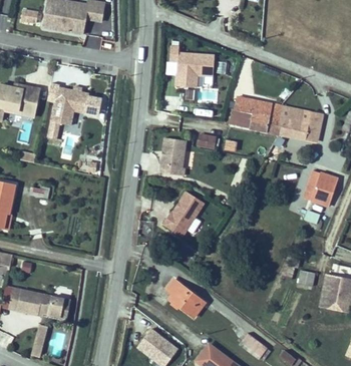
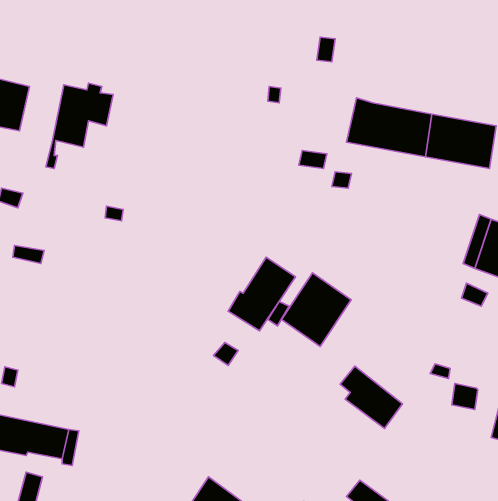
building: [168,46,214,87] -> none
building: [163,135,189,173] -> none
building: none -> [281,273,351,346]
building: [165,280,204,318] -> [340,366,403,429]

